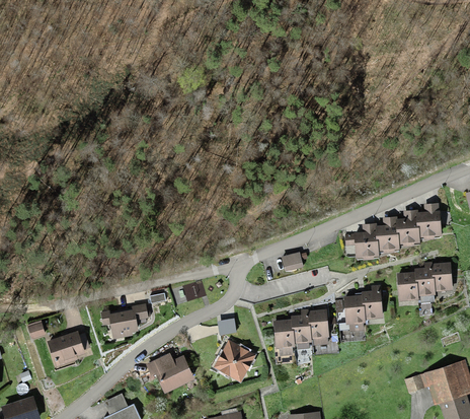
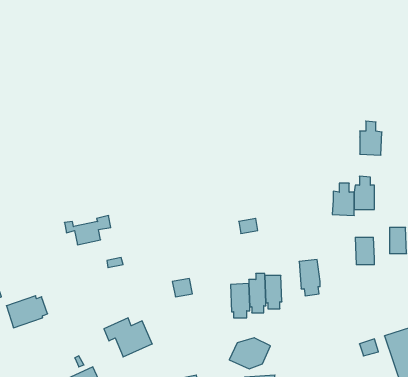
building: [418,203,441,237] -> [360,121,382,155]
building: [357,223,377,258] -> none
building: [417,268,434,293] -> none
building: [361,289,381,317] -> none
building: [100,304,147,334] -> [64,216,111,245]
building: [215,345,256,376] -> [229,338,270,369]

